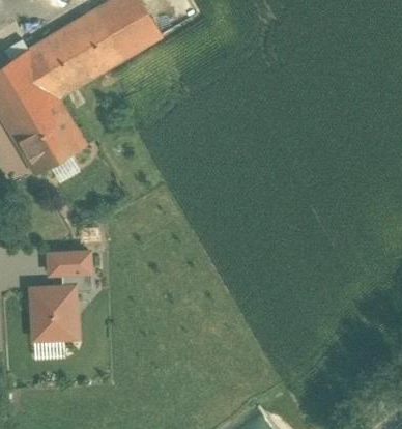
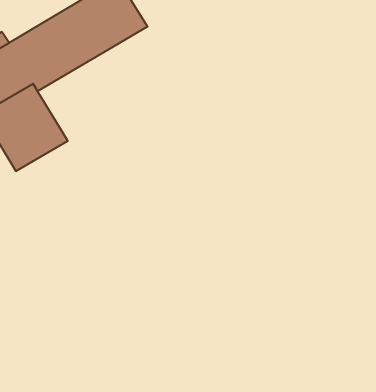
building: [44,251,91,278] -> none
building: [26,284,80,344] -> none

